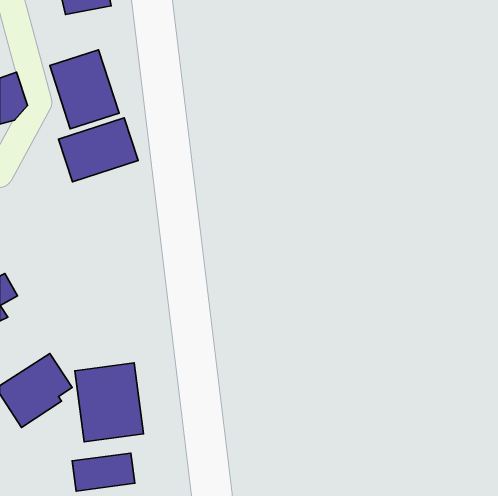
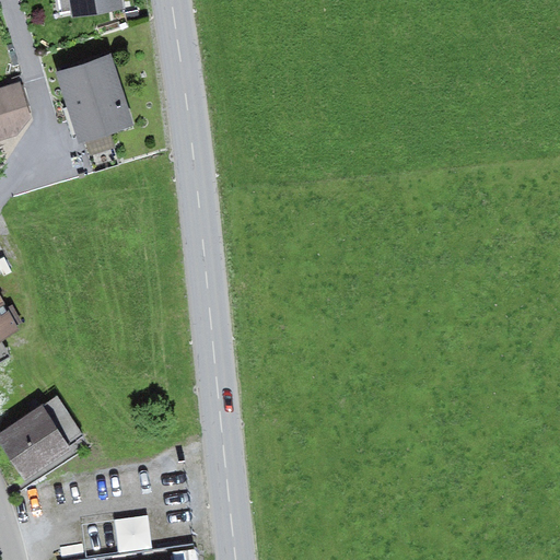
building: [58,118,138,182] -> none
building: [75,363,144,442] -> none

